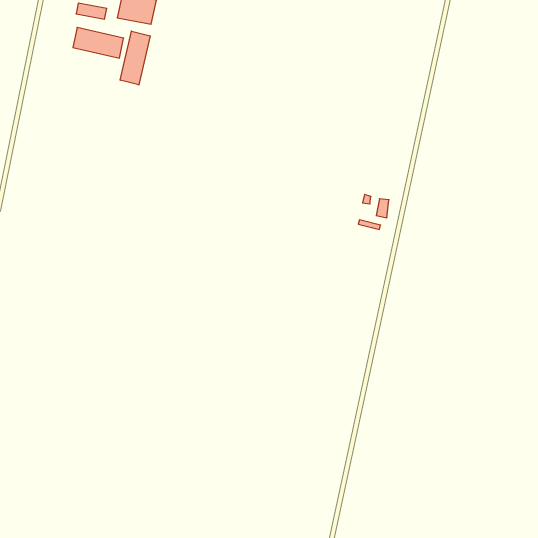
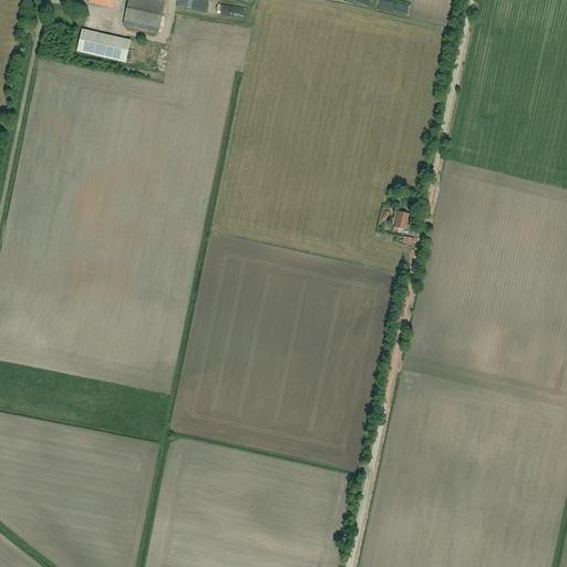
building: [120,31,150,85] -> none

